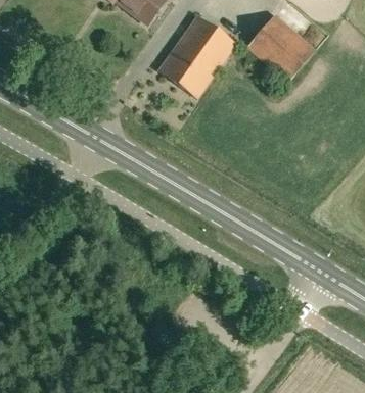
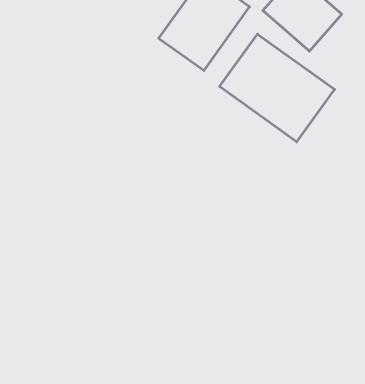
building: none -> [220,34,335,142]

